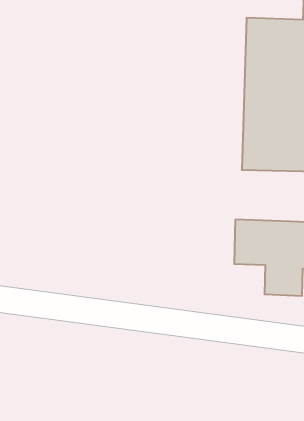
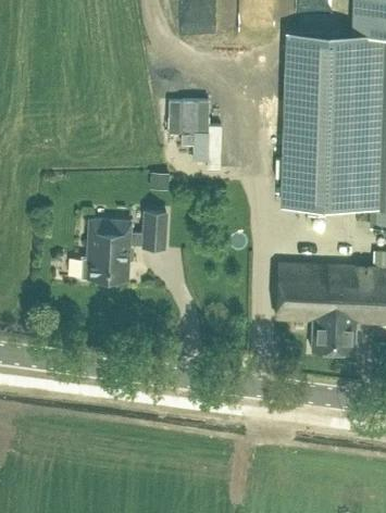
building: none -> [165,99,219,158]
building: none -> [80,211,165,279]

